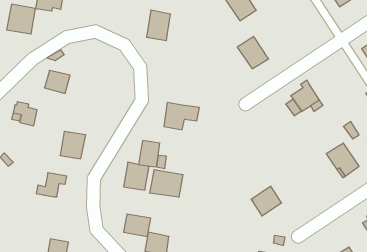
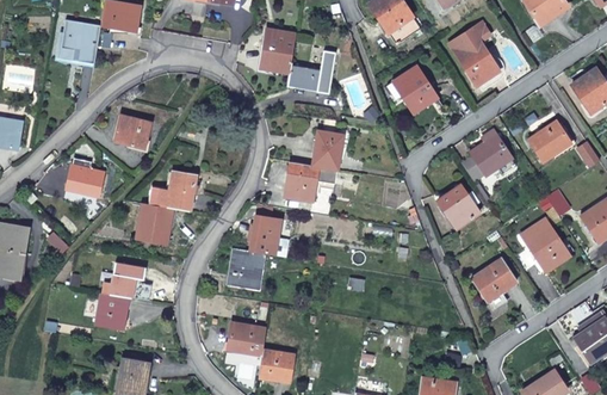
building: none -> [450,21,498,85]
building: none -> [287,50,336,90]
building: none -> [528,121,571,161]
building: none -> [312,130,343,168]
building: none -> [148,172,196,211]
building: none -> [438,185,479,227]
building: [150,170,183,197] -> none
building: [251,186,282,216] -> [472,258,516,301]
building: none -> [95,292,128,326]

